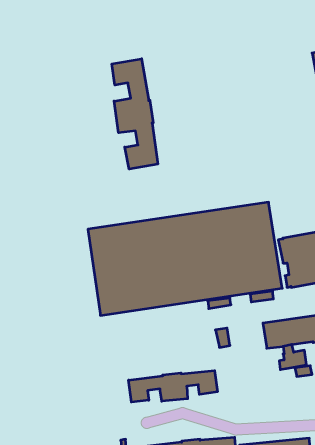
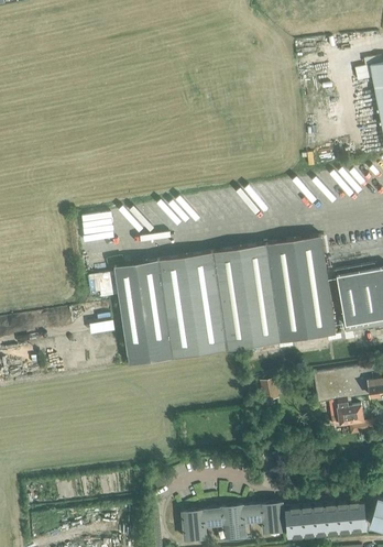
building: [112,59,158,169] -> none
building: [129,371,217,402] -> none

